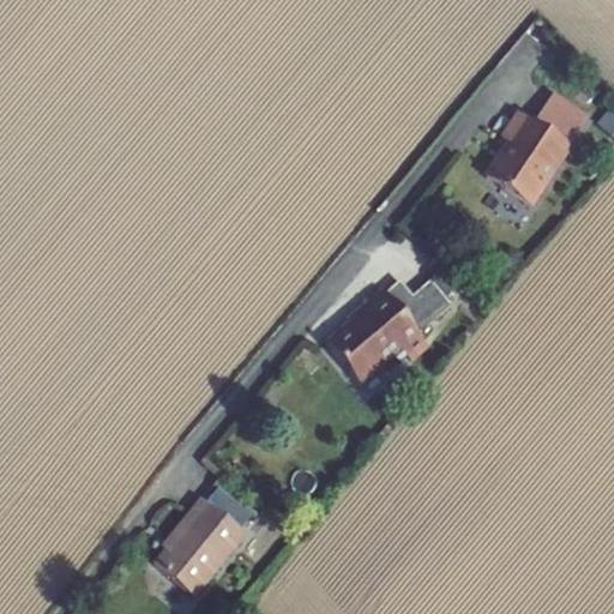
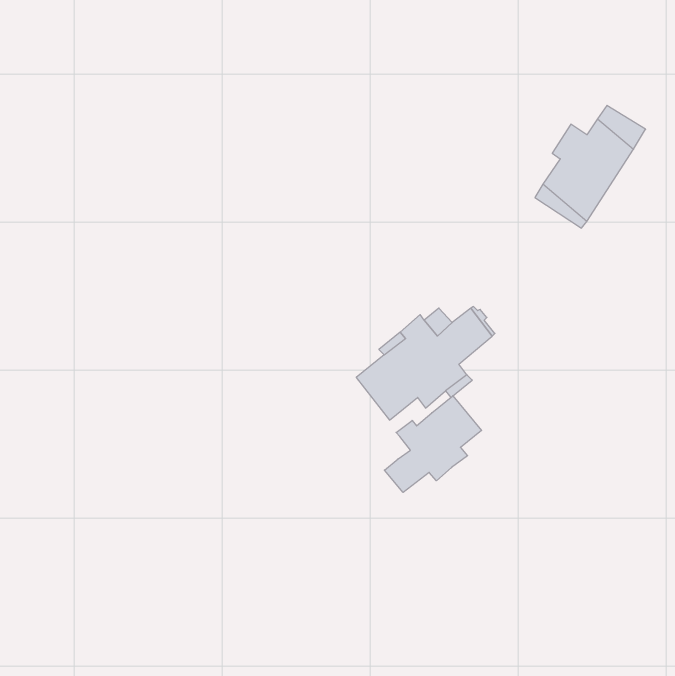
building: none -> [384,396,482,492]
building: [159,492,249,591] -> none

